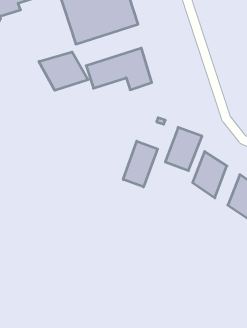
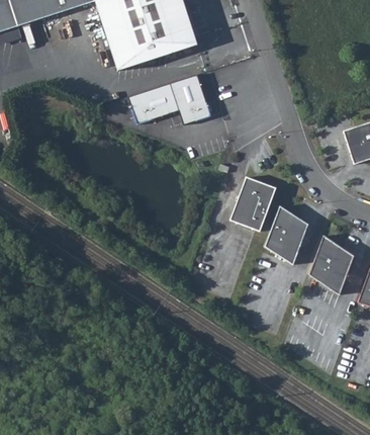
building: [39,52,88,90] -> none
building: [123,141,158,187] -> none

